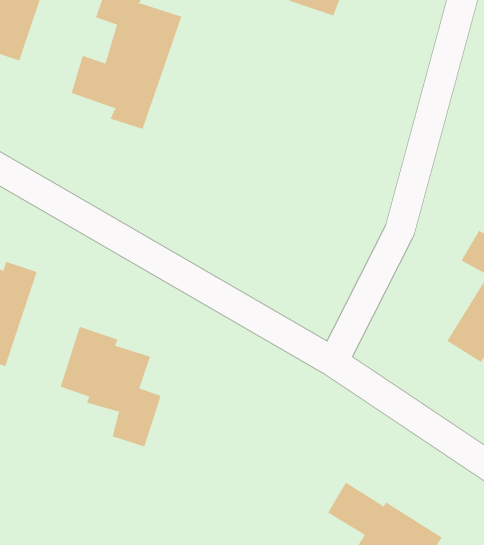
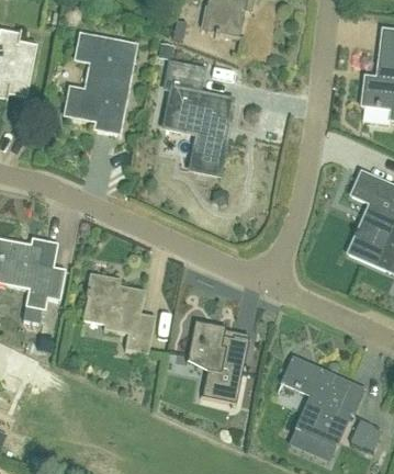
building: none -> [165,61,232,173]
building: none -> [187,318,248,400]

